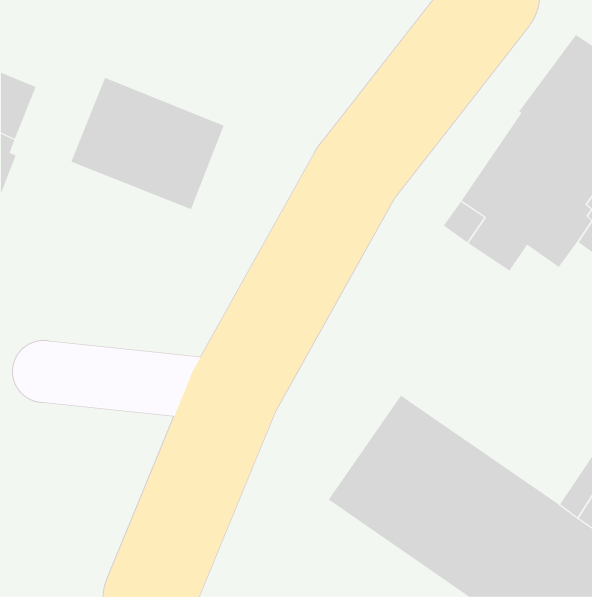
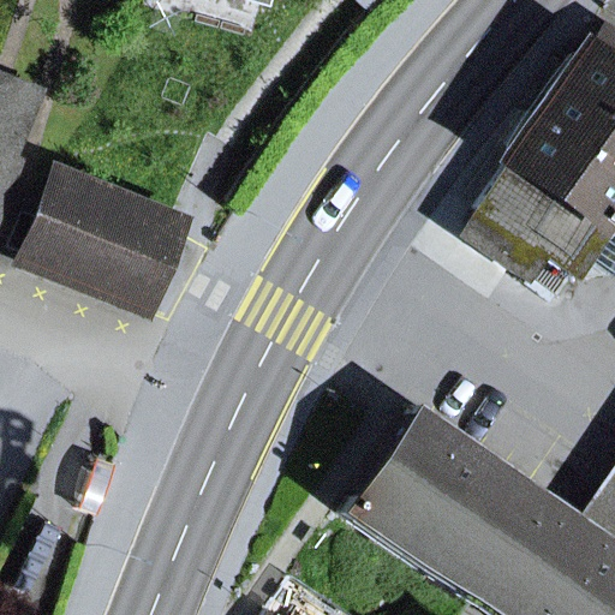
building: [71,77,224,210] -> [24,172,181,308]

